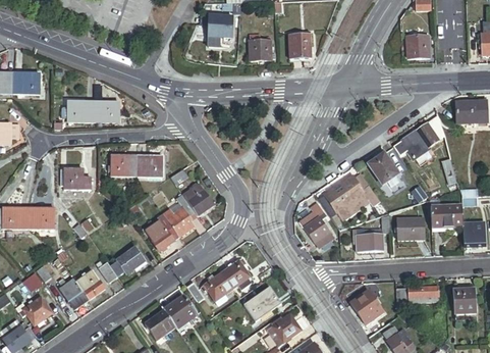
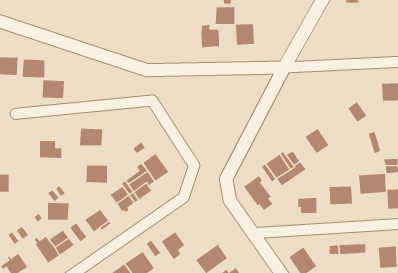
building: [209,15,232,36] -> [215,7,235,25]
building: [406,36,429,58] -> none
building: [94,99,120,120] -> [22,59,45,78]
building: [402,131,431,159] -> none
building: [138,154,163,174] -> [85,165,108,183]
building: [32,206,57,226] -> [47,202,69,220]
building: [221,258,251,290] -> none

